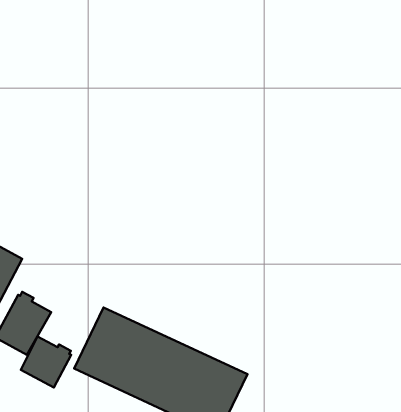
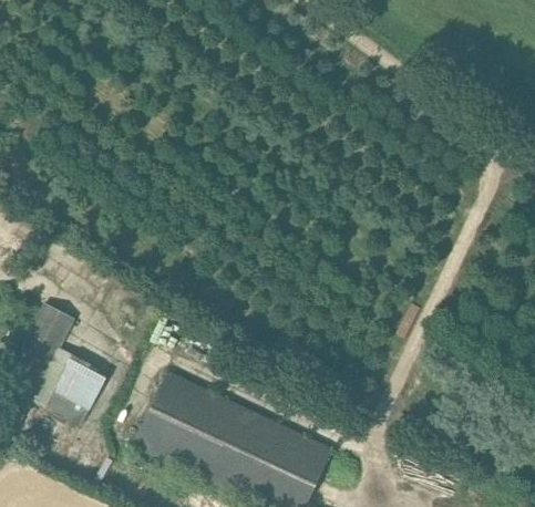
building: [21,337,71,387] -> none

